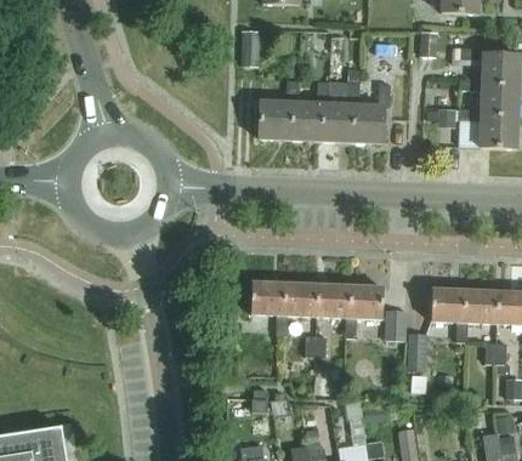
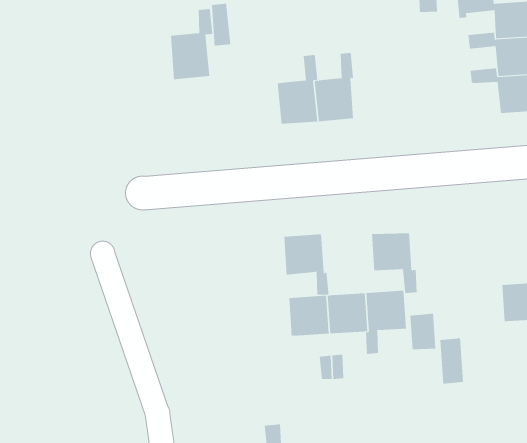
building: [261,79,299,136] -> [170,8,213,80]
building: [354,82,388,138] -> none
building: [250,281,285,335] -> [283,234,330,295]
building: [431,288,467,341] -> [371,233,417,294]

